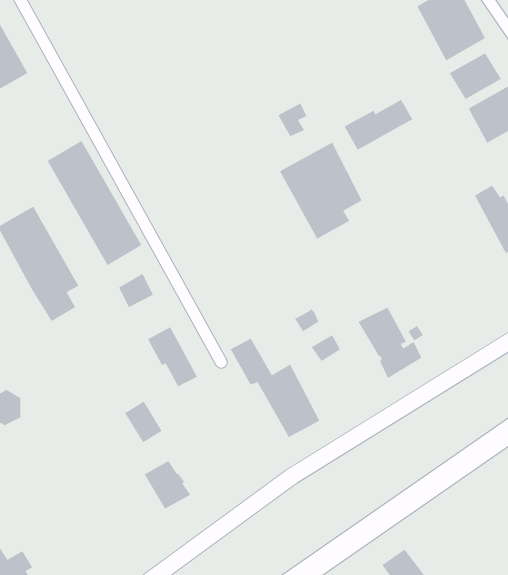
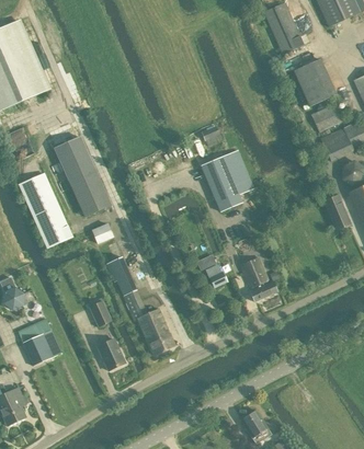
building: [344,99,413,150] -> none
building: [229,338,320,438] -> [123,289,175,354]
building: none -> [19,318,62,365]

